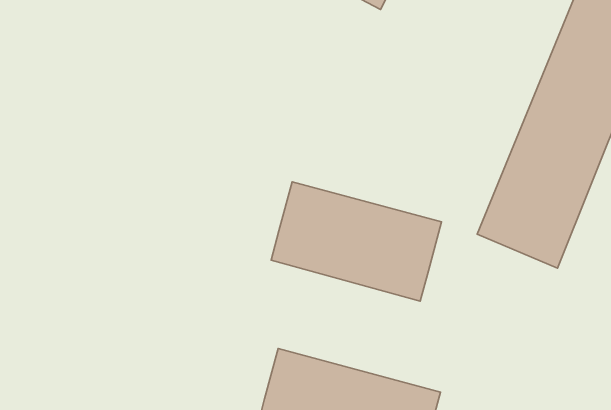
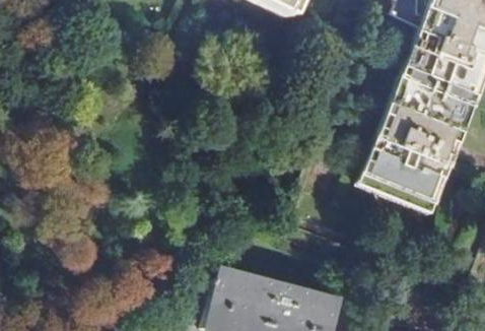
building: [271,182,442,301] -> none

